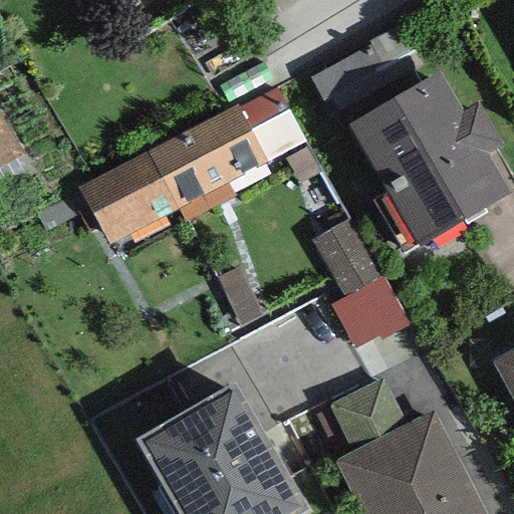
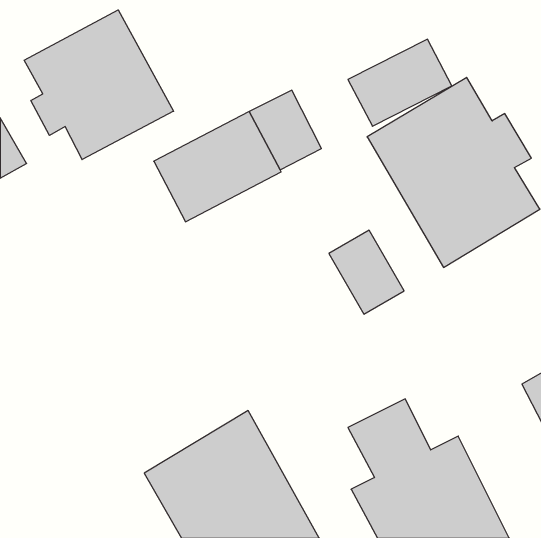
building: none -> [24,10,174,160]
building: [78,153,177,246] -> none
building: [330,275,410,348] -> none

